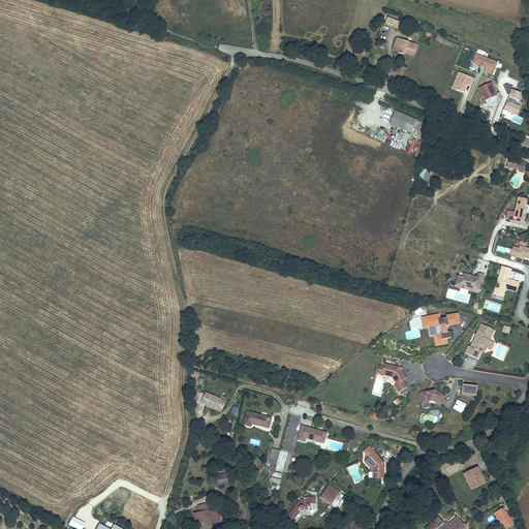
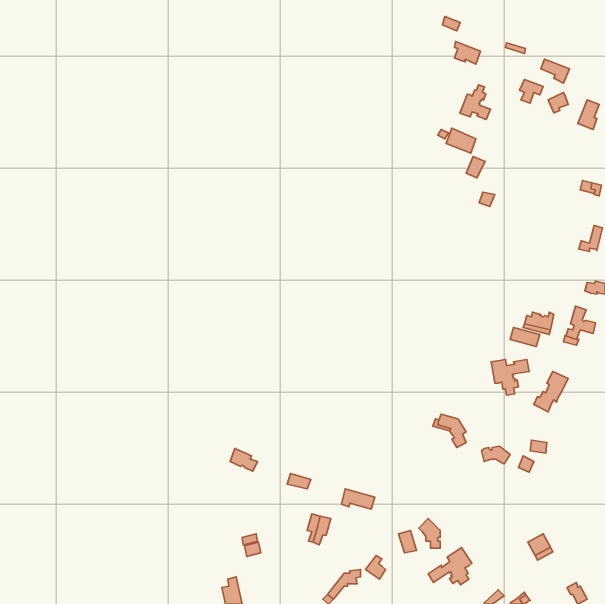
building: none -> [460,85,491,119]
building: none -> [428,548,472,585]

